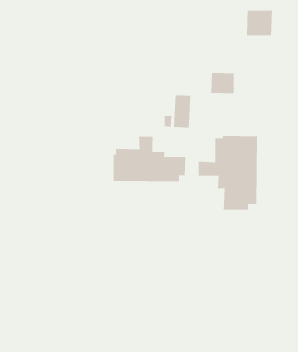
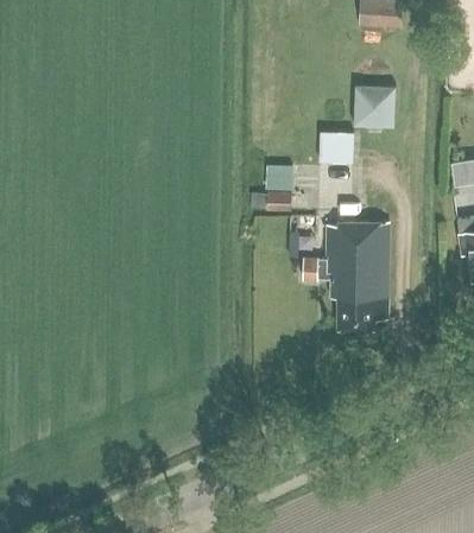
building: [246,10,273,36] -> [358,87,396,123]
building: [113,136,186,182] -> none

